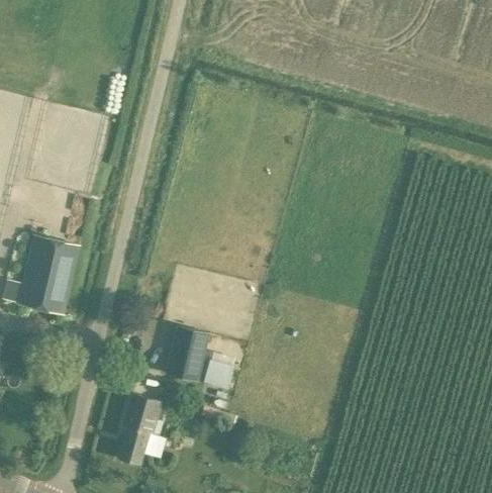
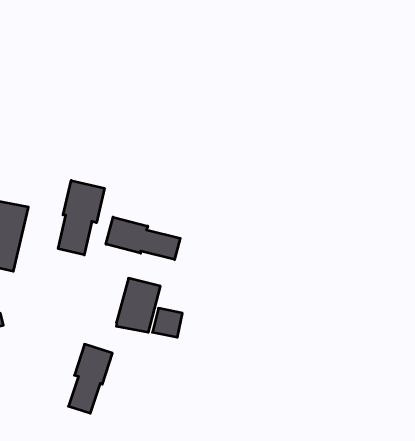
building: none -> [58,180,104,255]
building: none -> [106,217,180,260]

